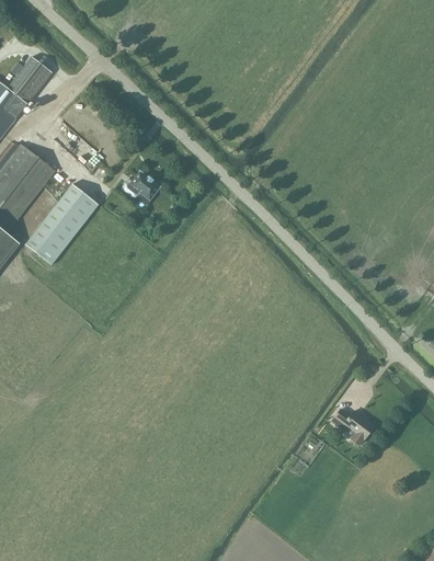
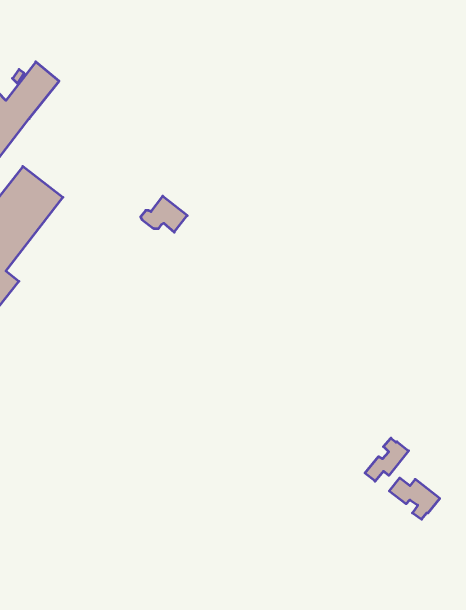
building: [24,183,98,263] -> none
building: none -> [365,438,409,481]

